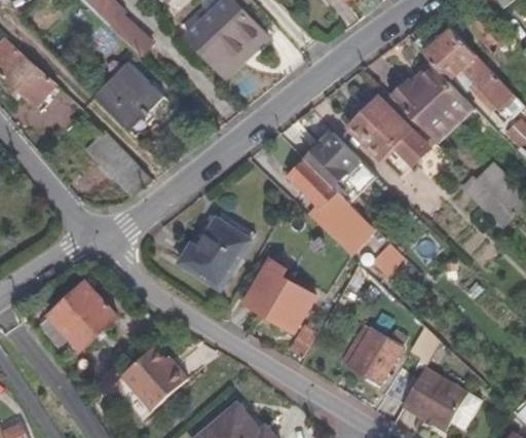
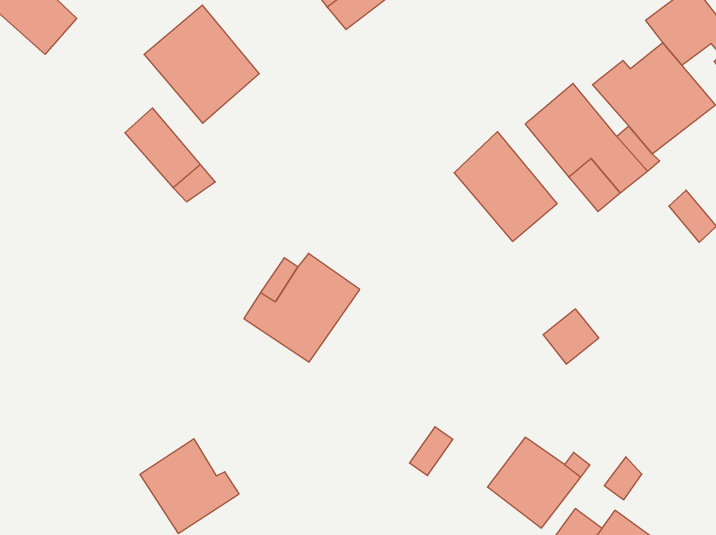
building: [288,160,376,248] -> none
building: [245,267,314,333] -> none
building: [43,280,115,343] -> none

